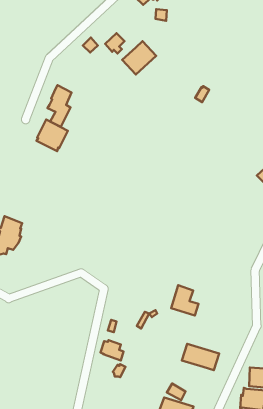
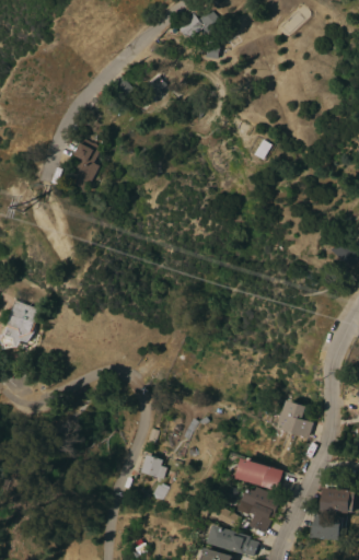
building: [122,41,156,75] -> none
building: [37,120,68,151] -> none
building: [171,285,198,315] -> [278,400,312,438]
building: none -> [240,487,279,533]

